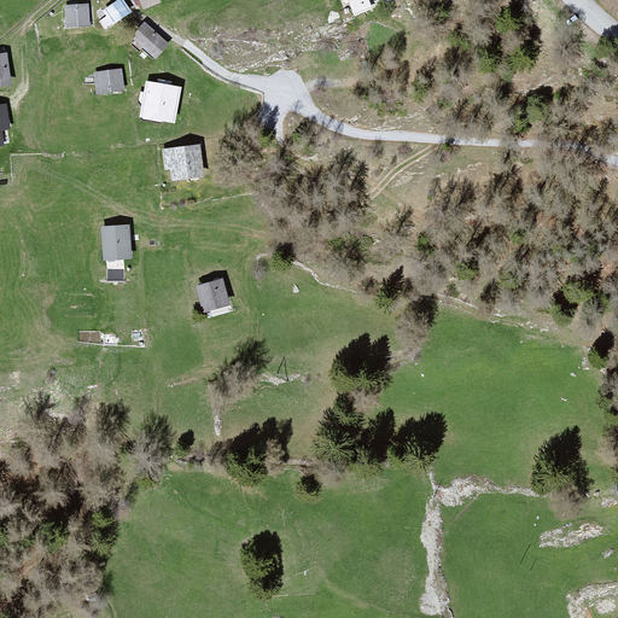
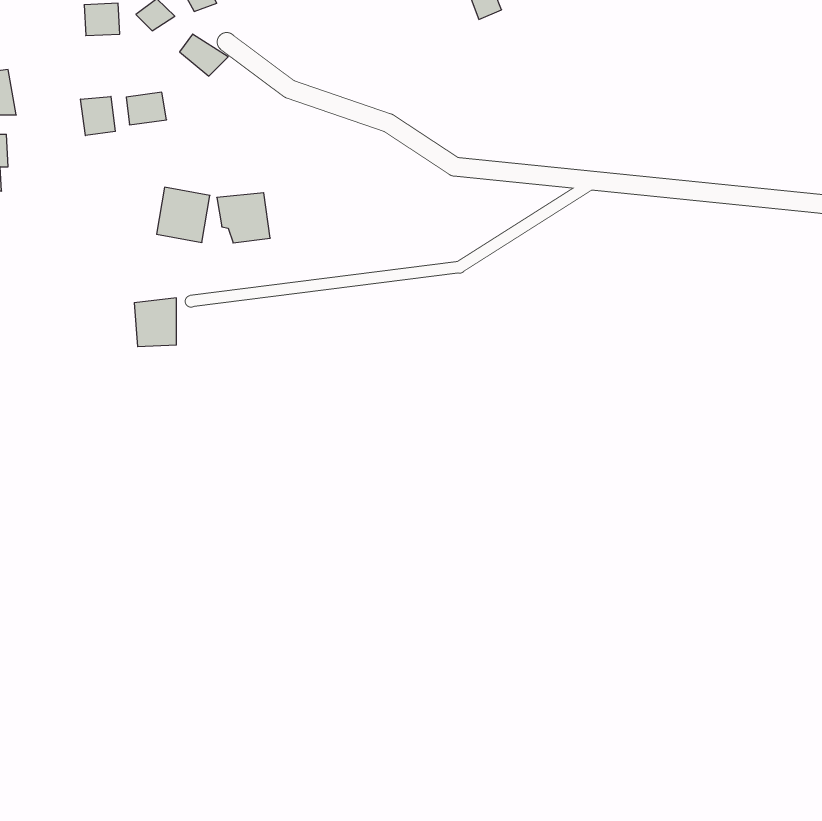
building: none -> [81,96,115,136]
building: [136,76,176,117] -> [157,187,210,242]
building: [197,278,232,308] -> none

